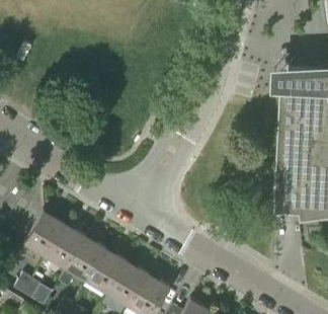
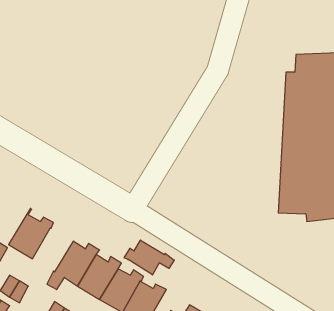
building: [46,229,86,269] -> none
building: none -> [124,240,174,275]

